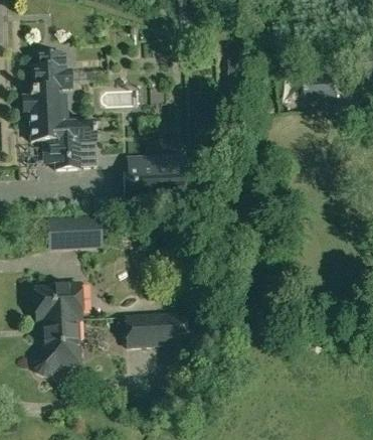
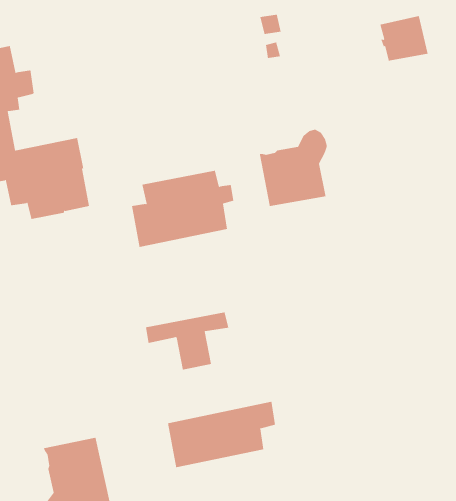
building: none -> [259,129,327,207]
building: [46,216,102,251] -> [145,312,229,370]
building: [33,282,83,320] -> none

